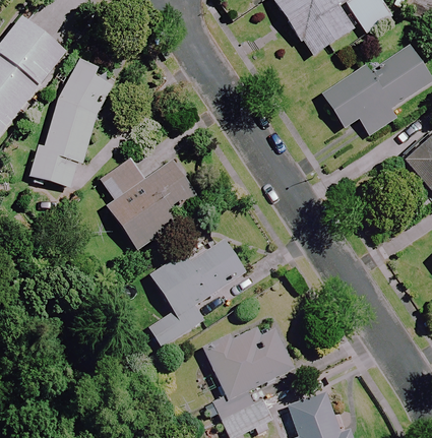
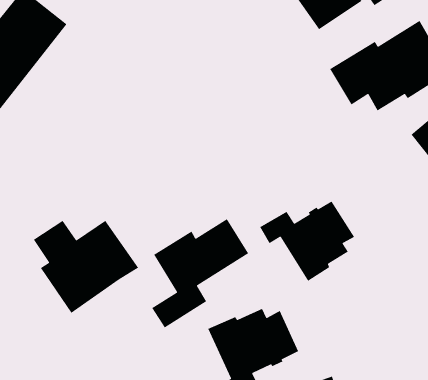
building: [29,57,119,189] -> none
building: [100,158,203,249] -> [33,220,139,314]
building: none -> [259,200,355,282]

